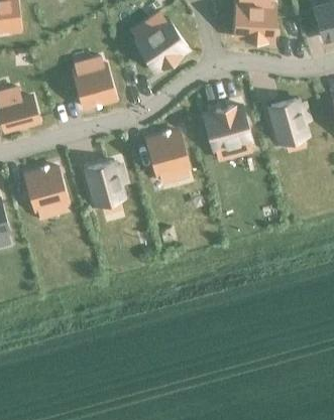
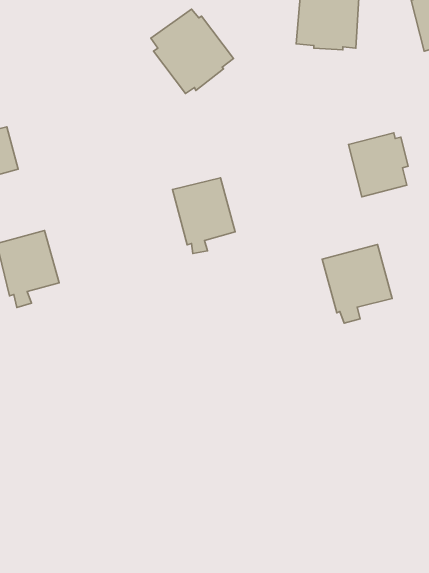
building: [72,56,118,110] -> none
building: [204,105,252,159] -> [322,244,392,323]
building: [85,159,128,205] -> none

